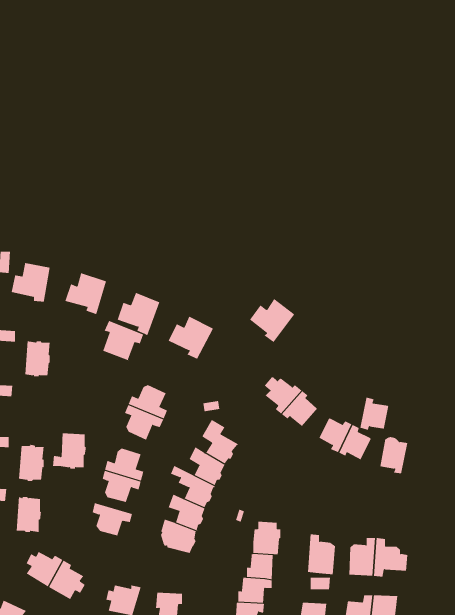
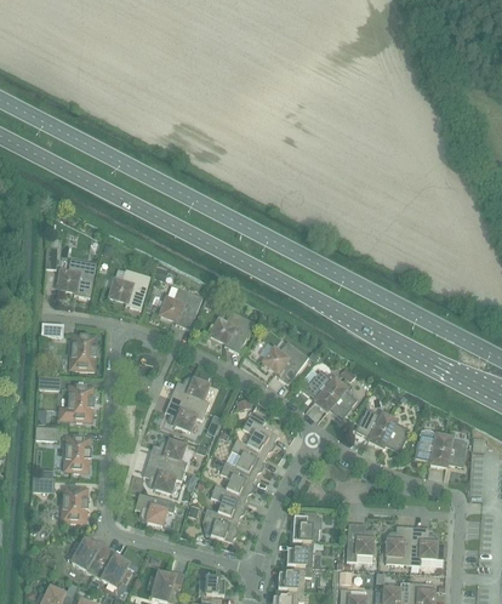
building: [249,298,295,343] -> [263,341,308,384]
building: [103,320,144,362] -> none
building: [360,397,390,430] -> [438,434,467,467]
building: [52,433,87,469] -> [59,386,93,421]

